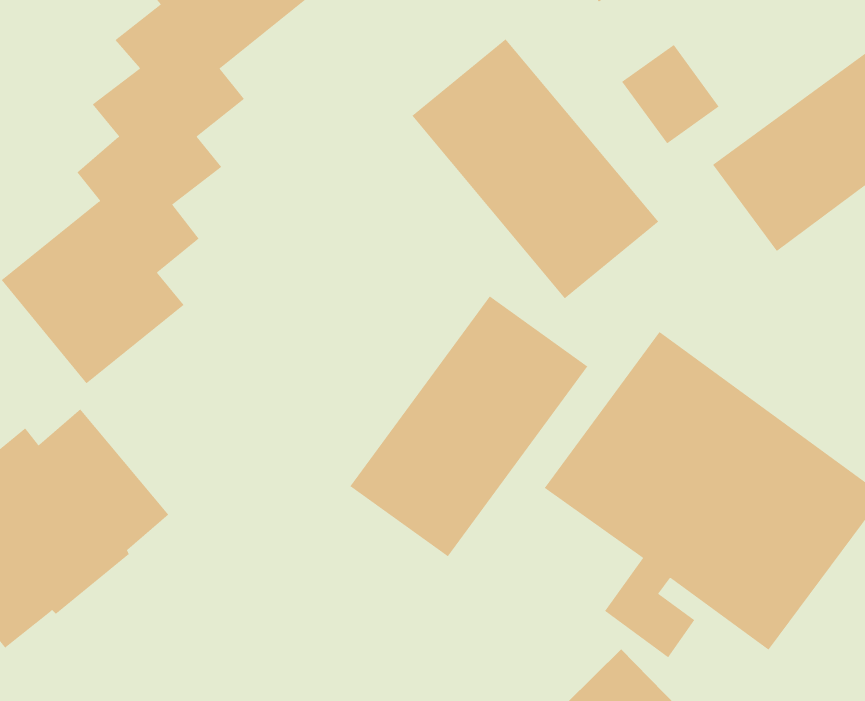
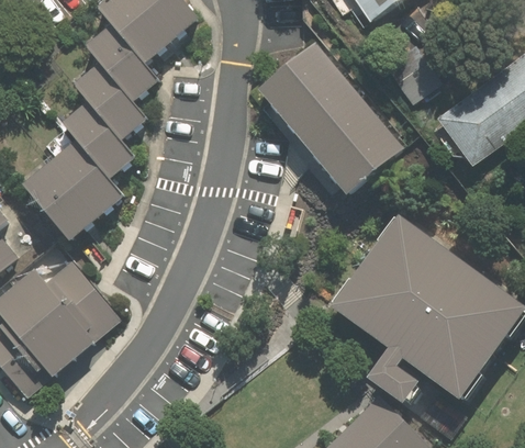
building: [349,295,588,557] -> none

